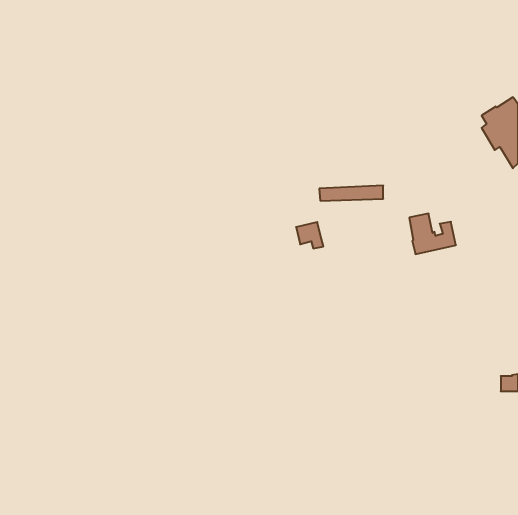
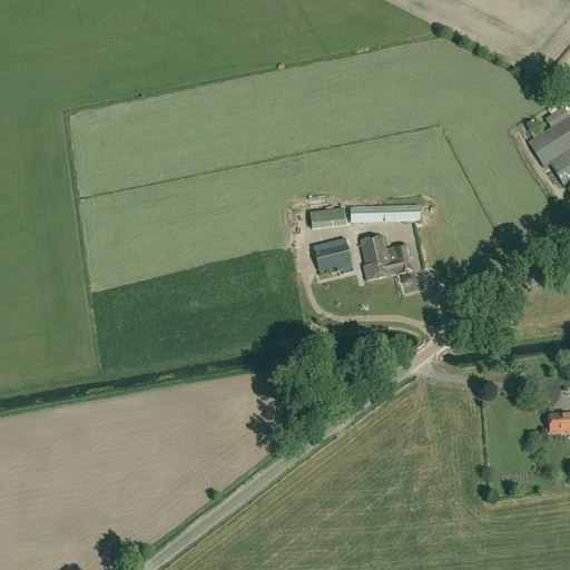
building: none -> [311,206,346,227]
building: [409,214,456,254] -> [362,235,413,279]

